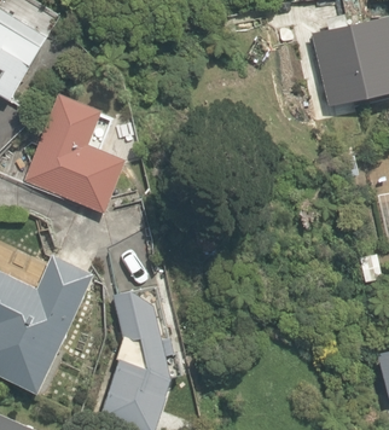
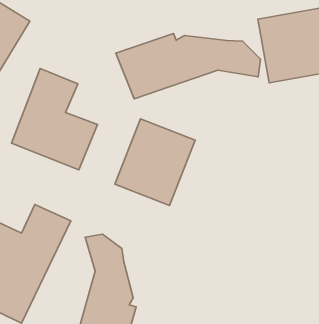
building: none -> [116,33,260,99]
building: none -> [115,119,195,206]

